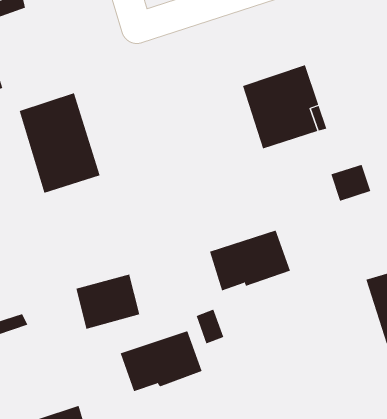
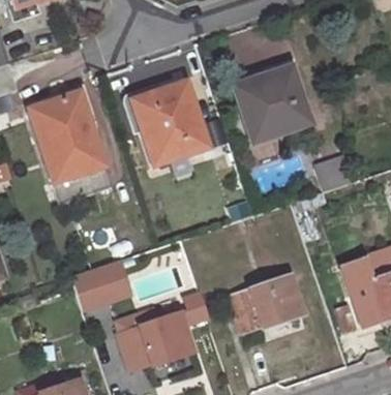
building: none -> [133,82,207,166]
building: [209,230,291,291] -> [232,273,306,329]

